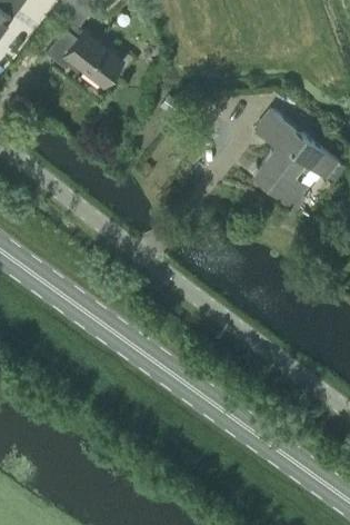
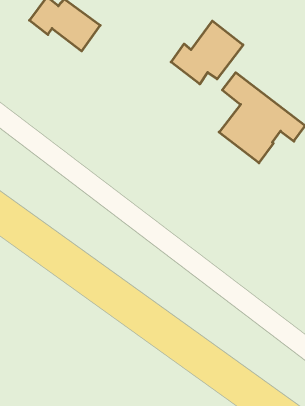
building: none -> [171,21,243,84]

